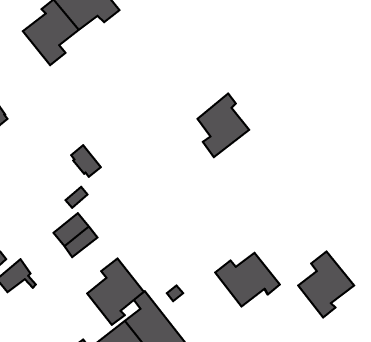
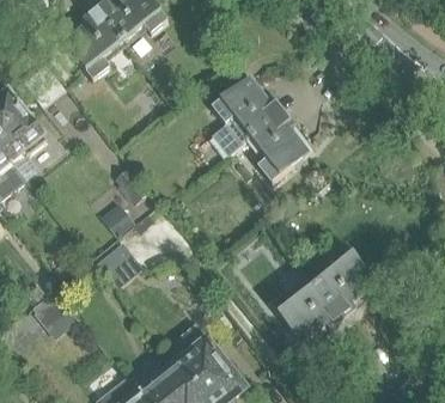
building: none -> [213,78,286,157]
building: [298,252,354,317] -> [315,249,376,320]
building: [87,259,144,325] -> none

